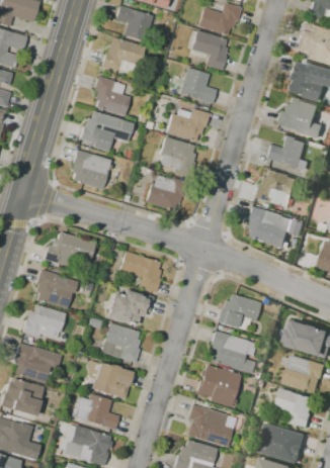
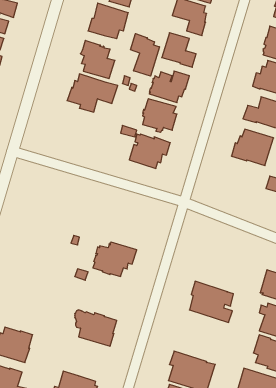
building: none -> [130,34,159,76]
building: [71,151,111,190] -> none
building: [247,206,292,249] -> none
building: [44,232,94,267] -> none
building: [118,252,163,293] -> none
building: [35,270,78,309] -> none
building: [217,294,260,332] -> none
building: [21,304,65,340] -> none
building: [101,323,140,363] -> none
building: [13,344,61,383] -> none
building: [195,365,240,408] -> none
building: [65,394,118,431] -> none

